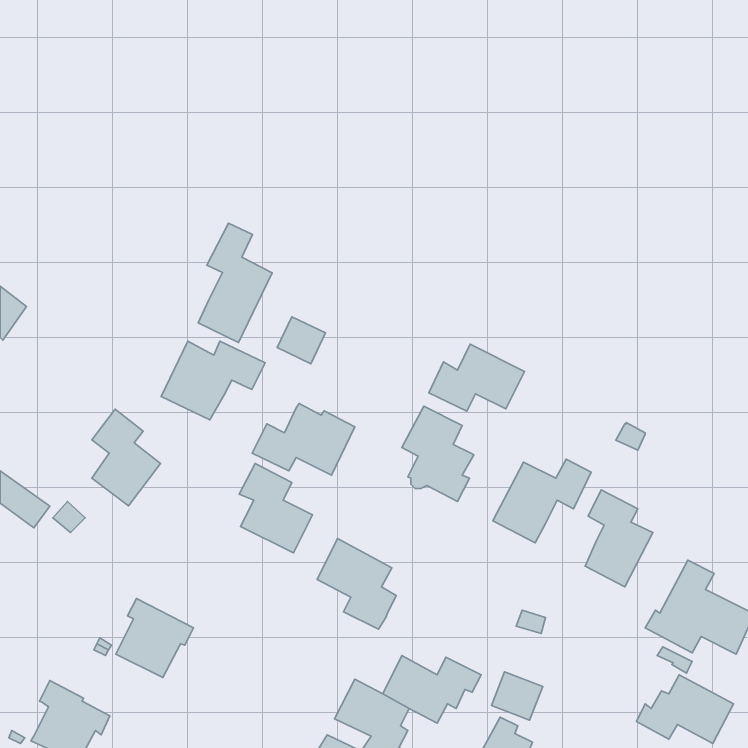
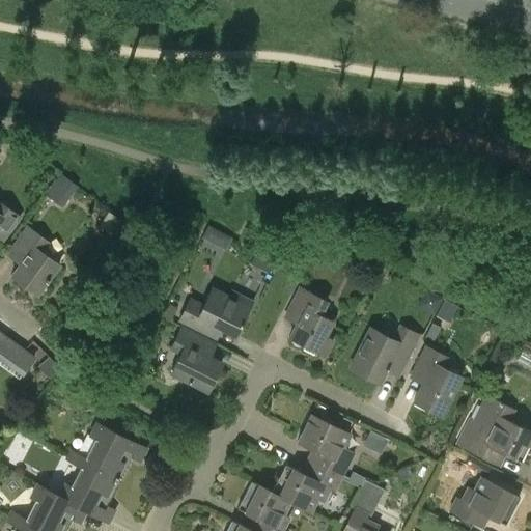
building: [198,223,272,342] -> none
building: none -> [47,175,79,208]
building: [161,341,265,420] -> none
building: [429,344,524,411] -> none
building: [92,409,161,506] -> [11,228,60,297]
building: [317,538,396,629] -> [298,414,354,478]
building: none -> [59,464,116,520]

